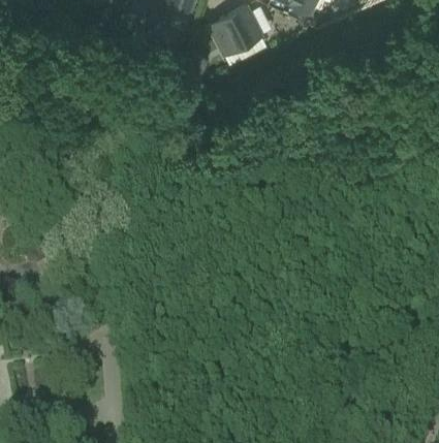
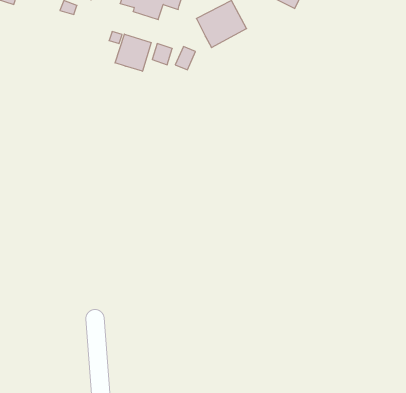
building: none -> [115,34,151,71]

